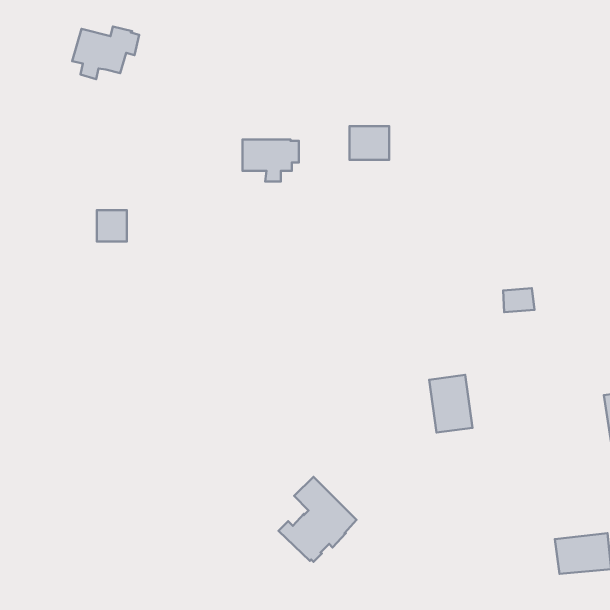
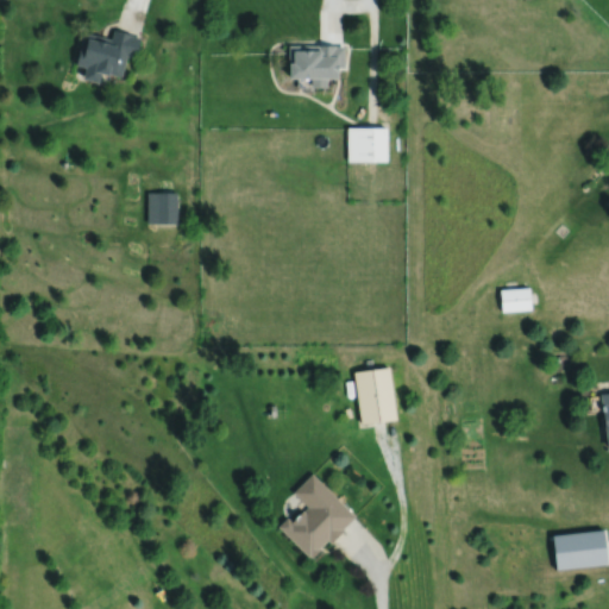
building: [242,140,299,182] -> [290,45,346,87]
building: [97,210,127,241] -> [149,194,178,225]
building: [429,375,472,433] -> [356,369,398,426]

